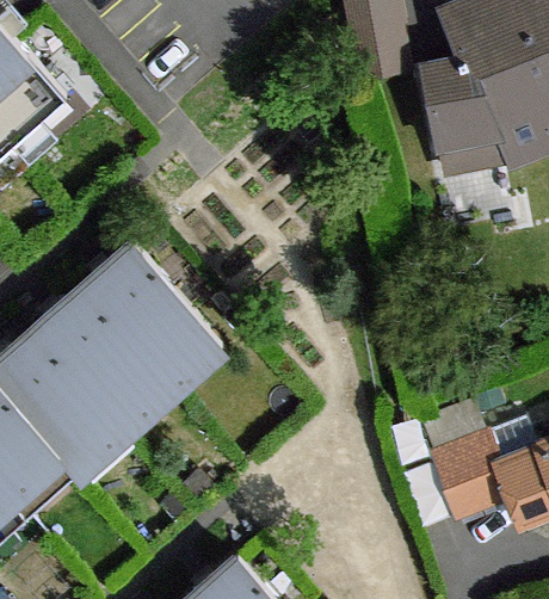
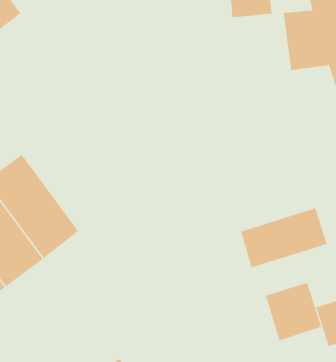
building: [81,243,220,388] -> none
building: none -> [241,208,327,268]

